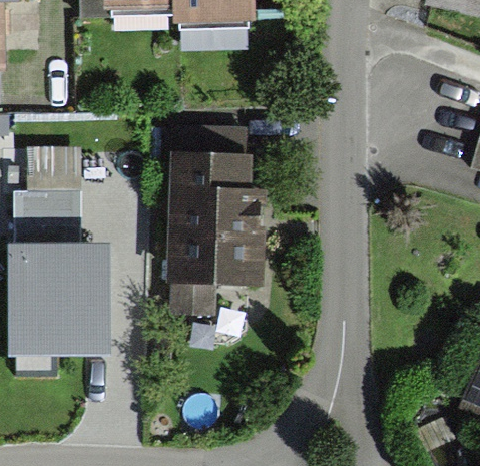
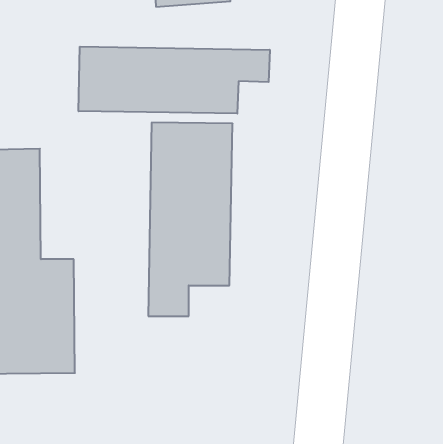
building: none -> [79,47,270,114]

